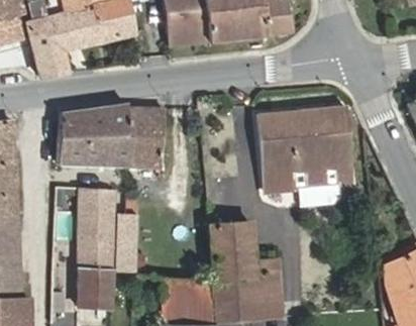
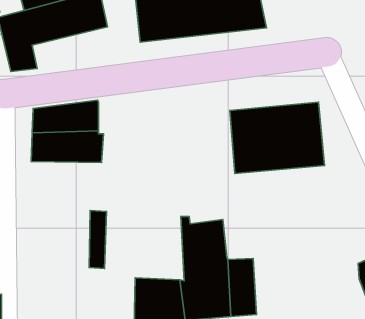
building: [127,107,163,168] -> none
building: [263,170,354,196] -> none
building: [78,189,116,307] -> none

